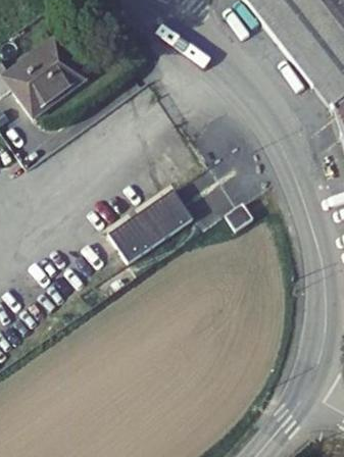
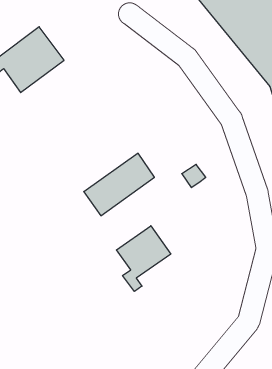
building: none -> [116,226,171,291]

